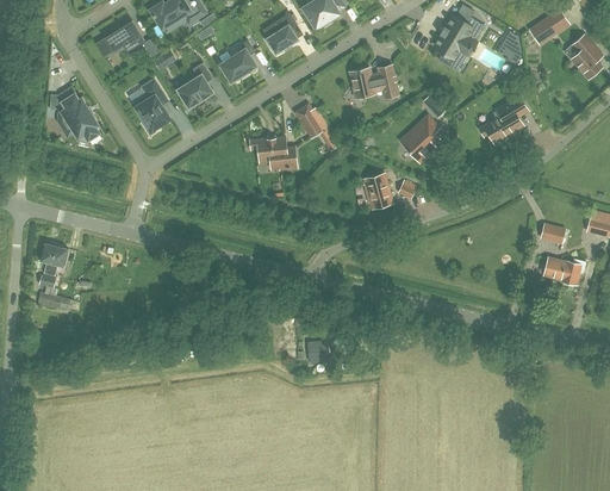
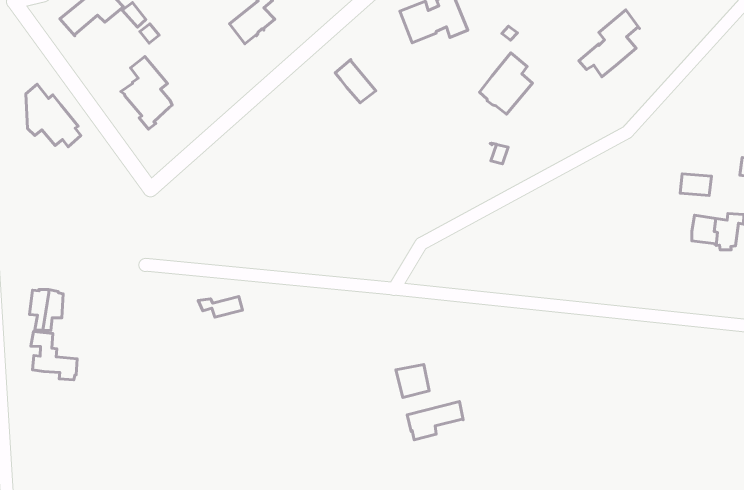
building: [176,63,212,107] -> none
building: [250,136,297,169] -> none
building: [363,174,392,209] -> none
building: none -> [407,401,463,440]

